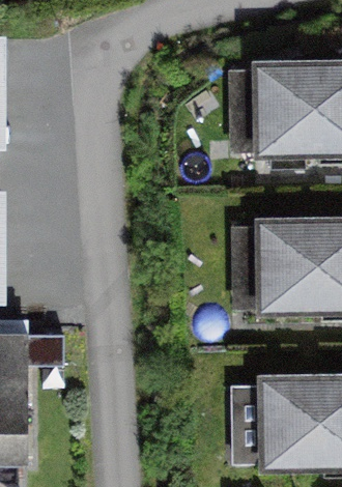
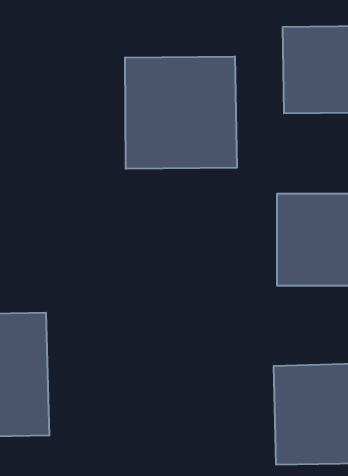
building: none -> [125,56,237,169]

